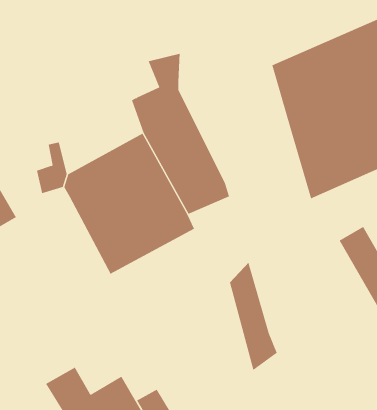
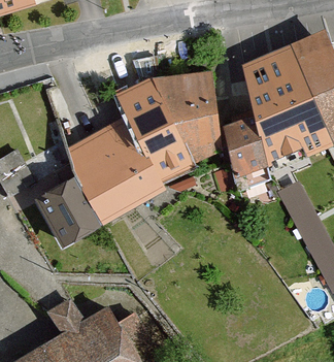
building: none -> [159,74,226,159]
building: none -> [41,169,104,251]
building: [229,262,277,371] -> [231,114,269,201]

